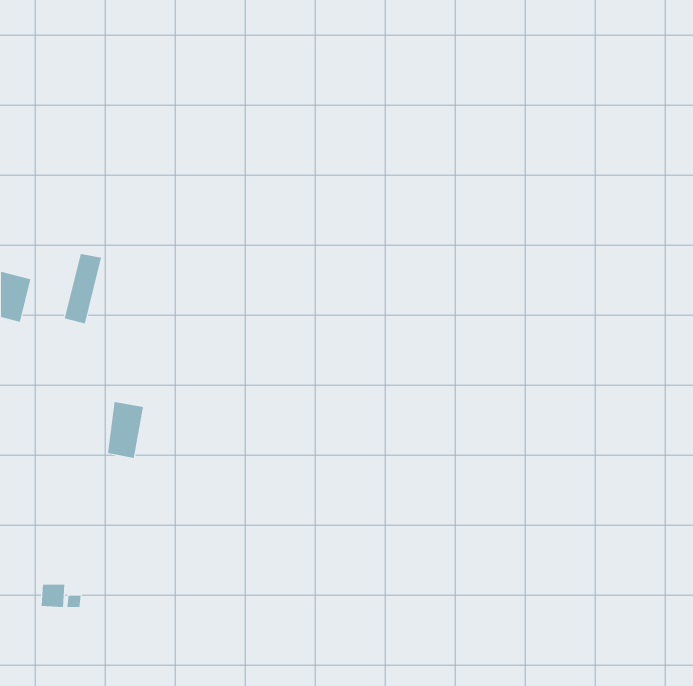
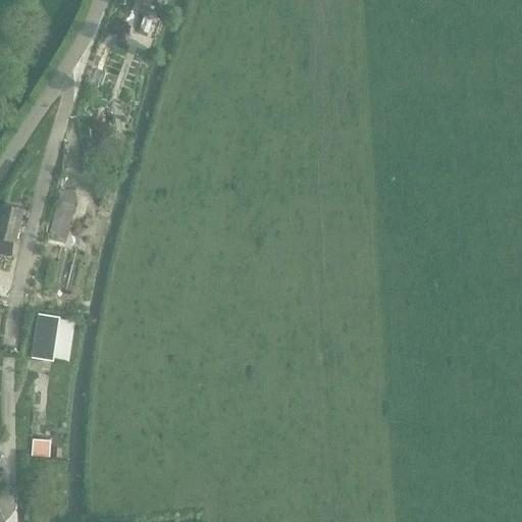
building: [107,402,144,459] -> [32,313,59,356]

